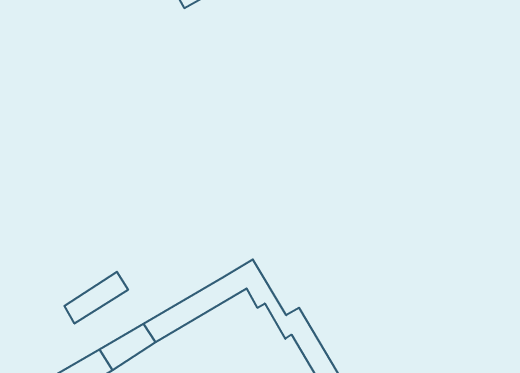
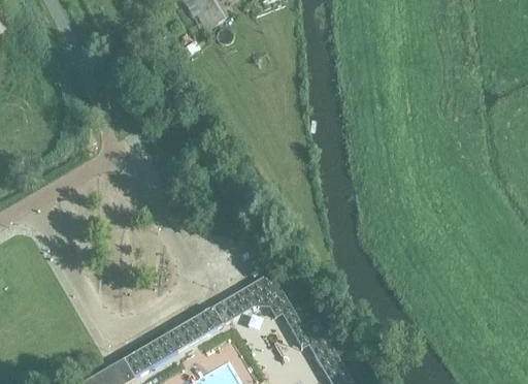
building: [64,272,128,324] -> none

